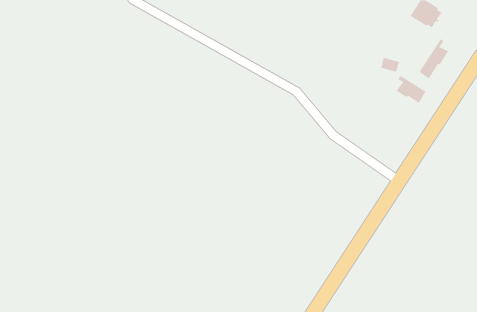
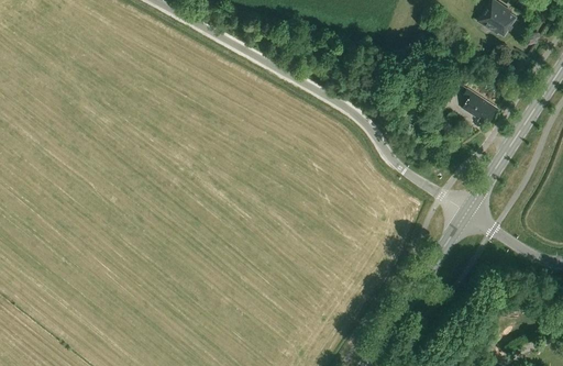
building: [418,38,449,79] -> none

